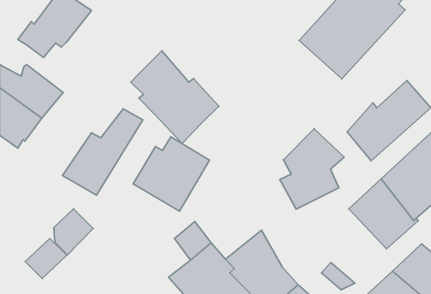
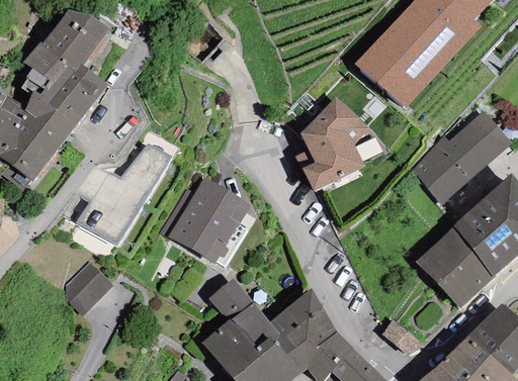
building: none -> [21,65,107,124]
building: [131,51,219,144] -> none
building: [280,129,344,209] -> [295,96,371,191]
building: [25,238,67,278] -> none

